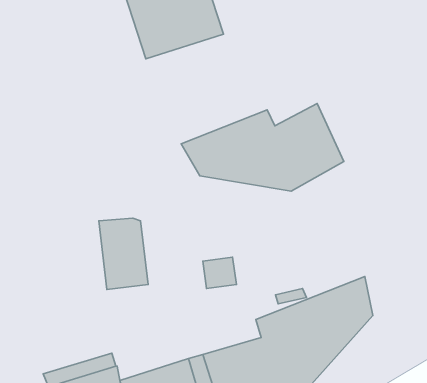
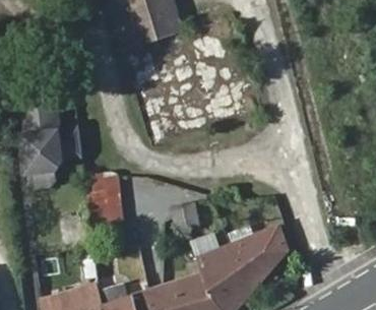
building: [181,104,344,191] -> none
building: none -> [21,88,80,178]

